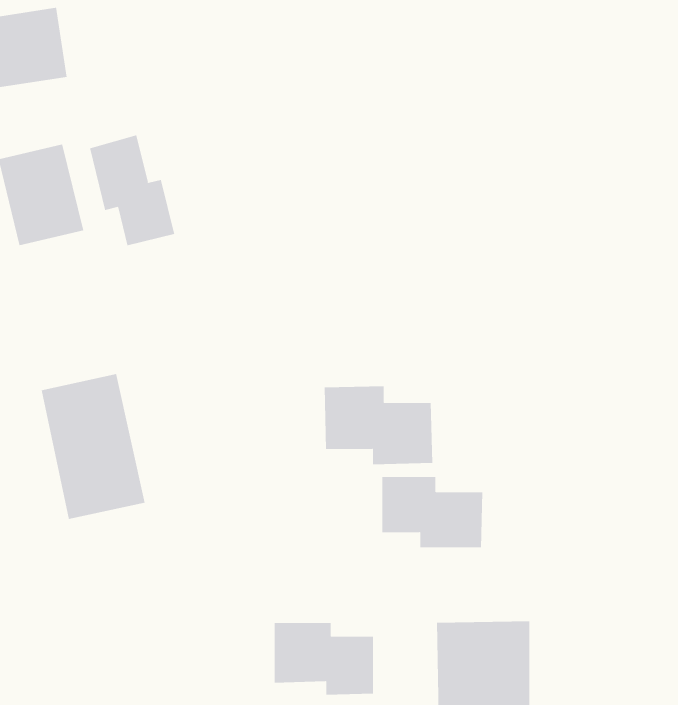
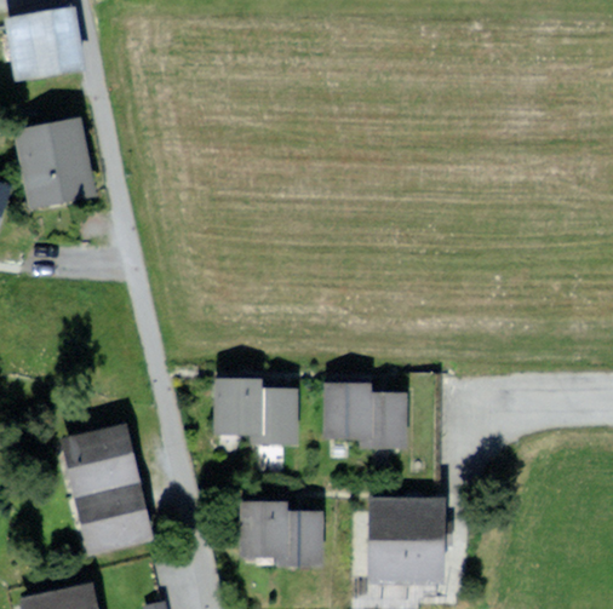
building: [89,134,175,246] -> none
building: [41,374,146,519] -> [63,431,147,547]
building: [324,386,433,465] -> [213,378,300,441]

